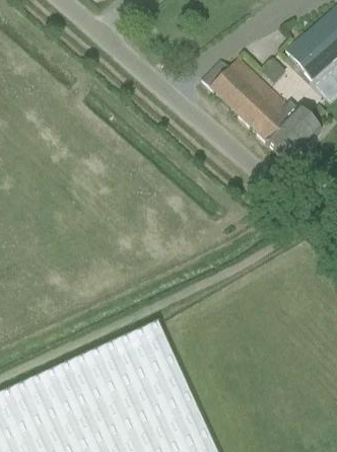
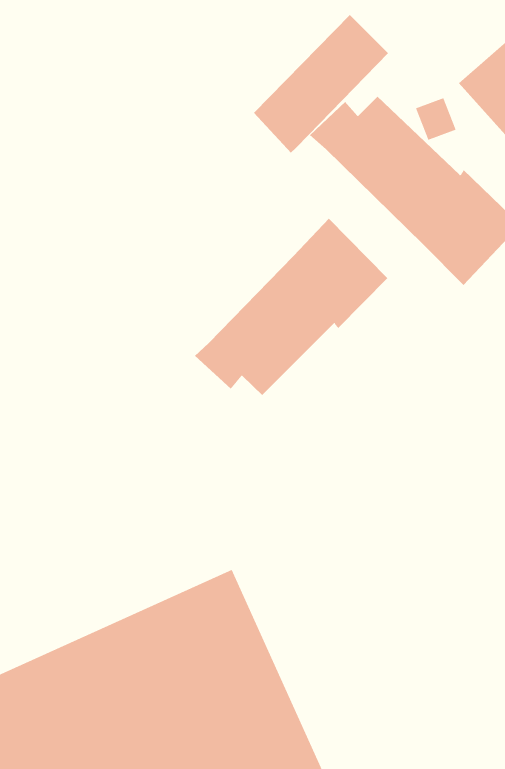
building: none -> [253,14,389,153]
building: none -> [194,218,388,396]

